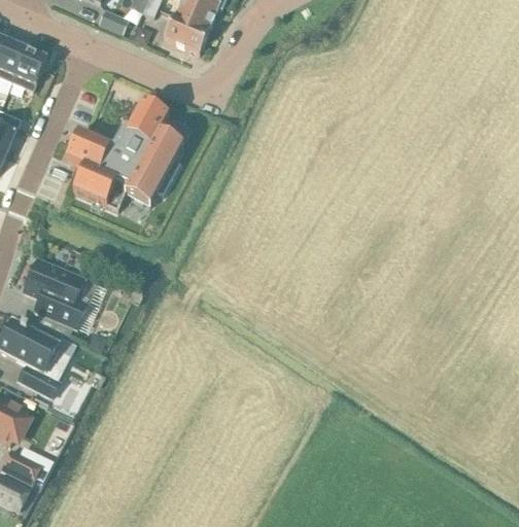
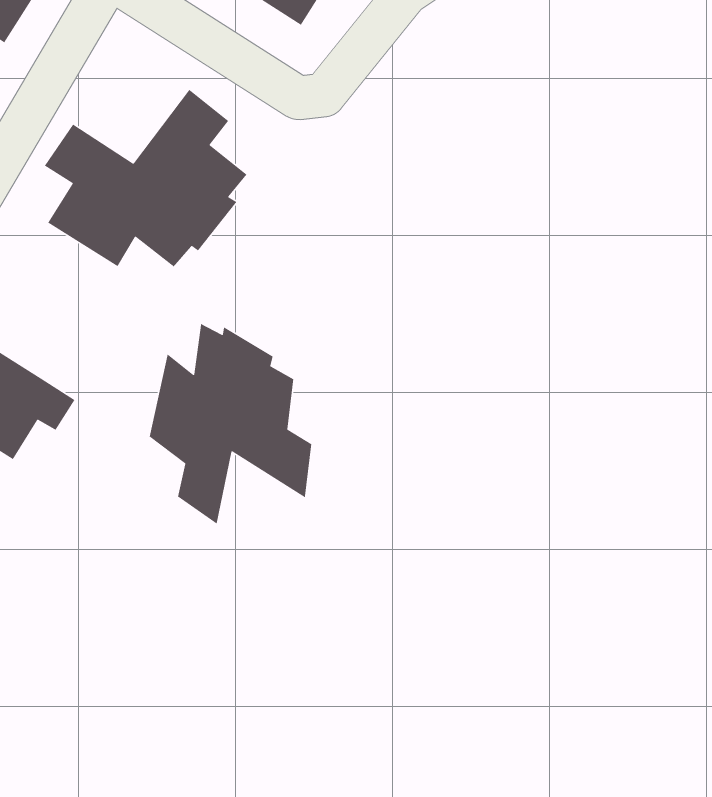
building: none -> [149,323,312,525]

